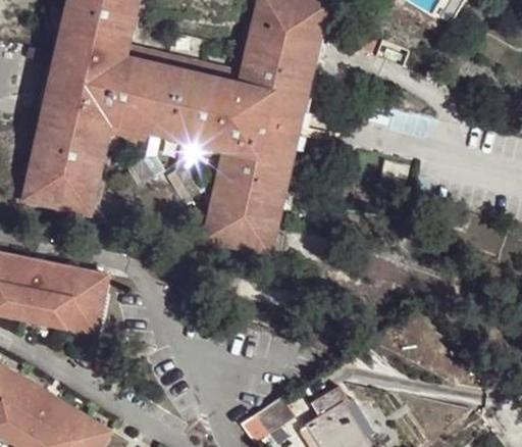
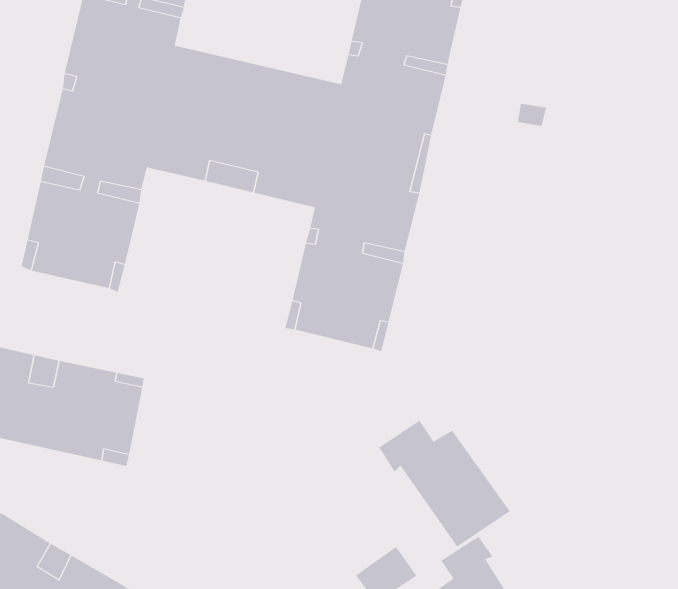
building: none -> [379,420,511,547]

